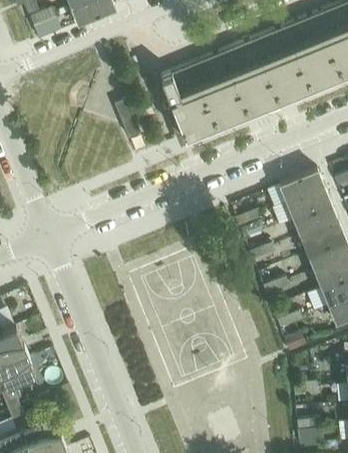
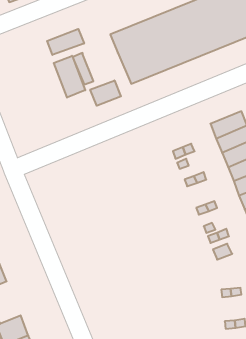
building: none -> [47,29,84,55]
building: none -> [54,56,85,98]
building: none -> [90,80,121,106]

